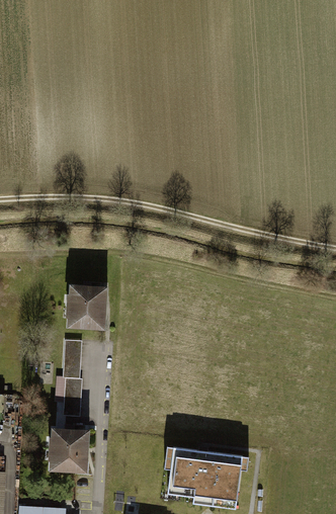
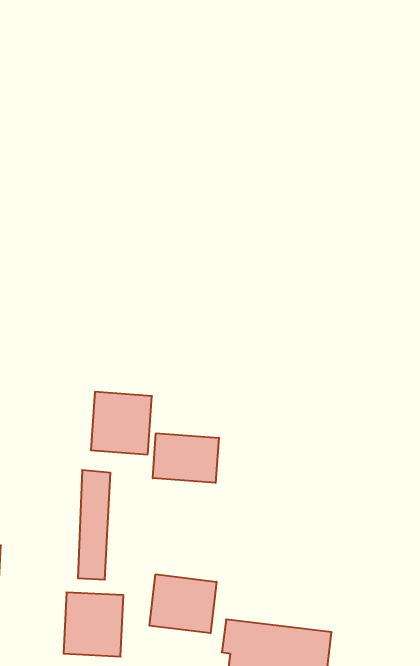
building: none -> [153,433,219,483]
building: none -> [150,574,217,633]

